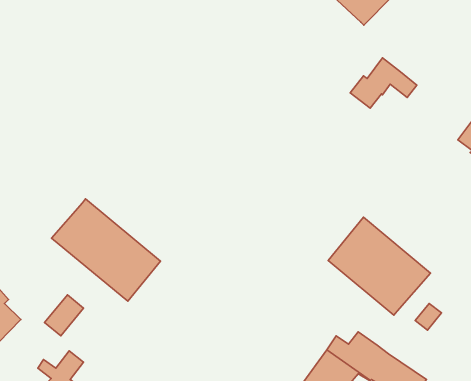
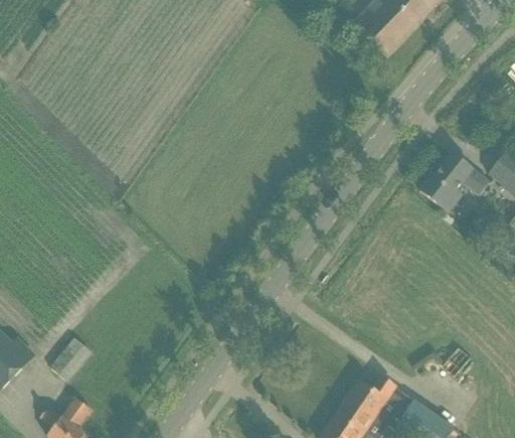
building: [350,58,417,108] -> [419,154,490,207]
building: [52,199,161,301] -> none
building: [328,217,430,315] -> none

